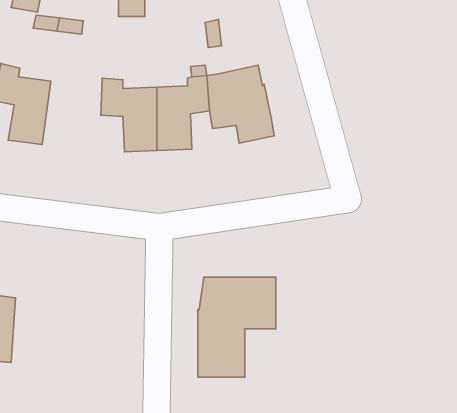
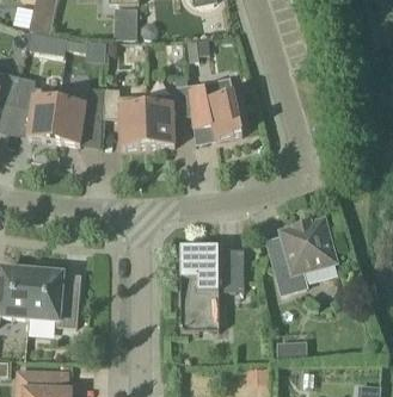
building: none -> [54,87,103,145]
building: none -> [266,219,336,294]
building: none -> [29,266,79,327]

